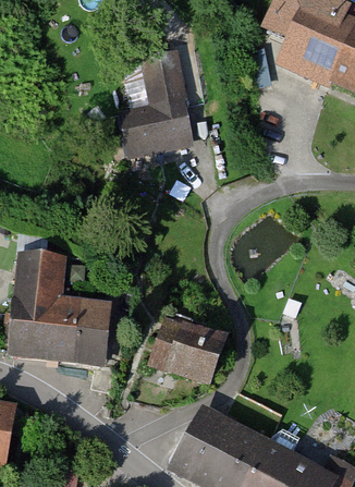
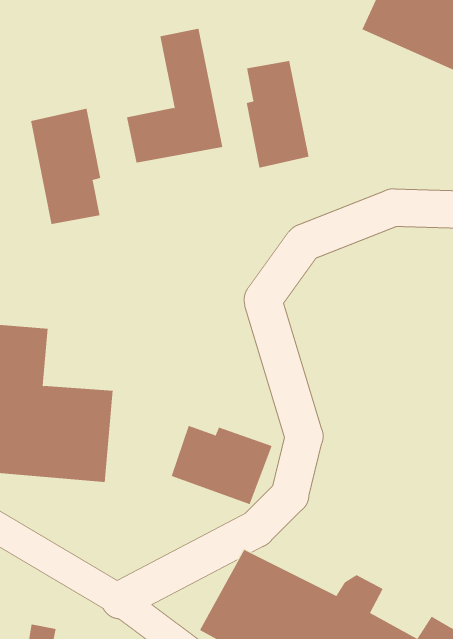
building: none -> [246,60,309,169]
building: none -> [30,108,101,225]

